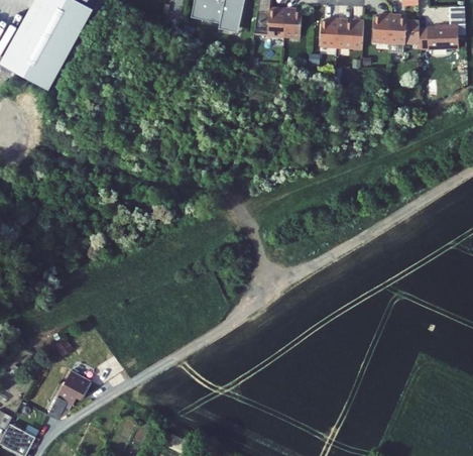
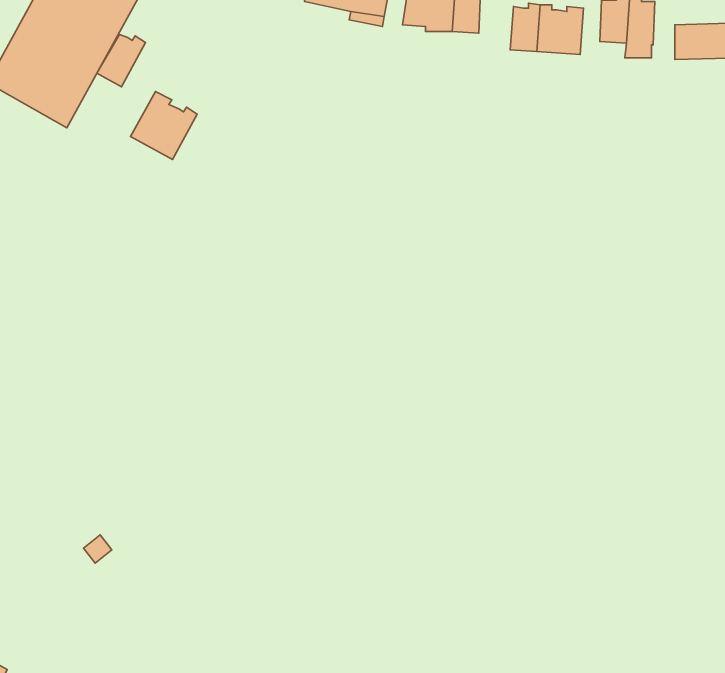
building: none -> [97,34,146,87]
building: none -> [131,91,197,159]
building: [49,369,94,418] -> none

